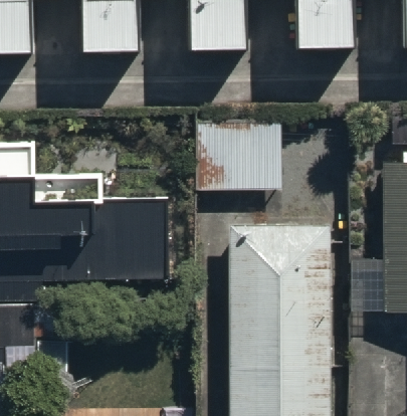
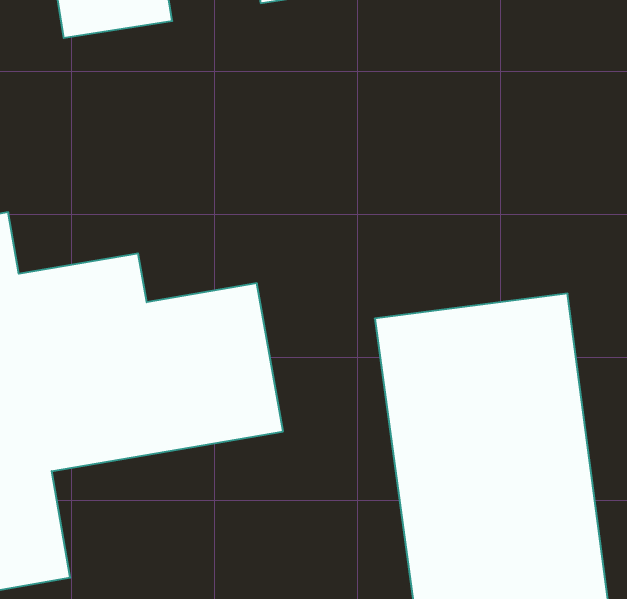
building: [198,122,285,191] -> none

